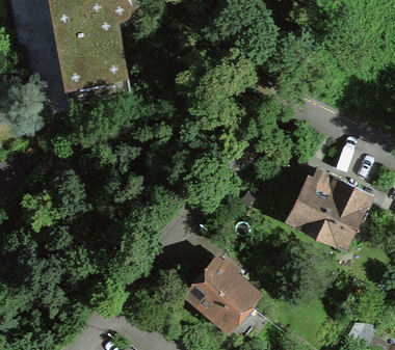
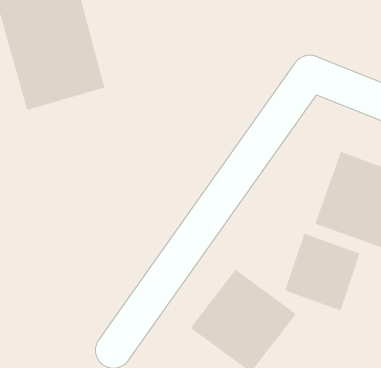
building: none -> [285,233,360,311]

